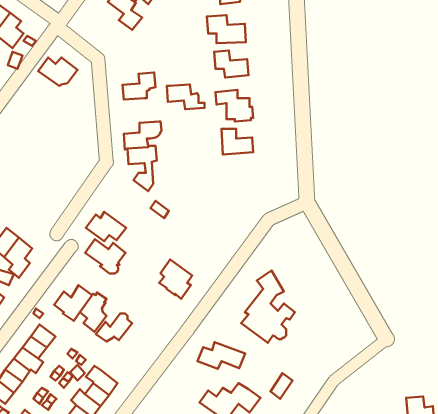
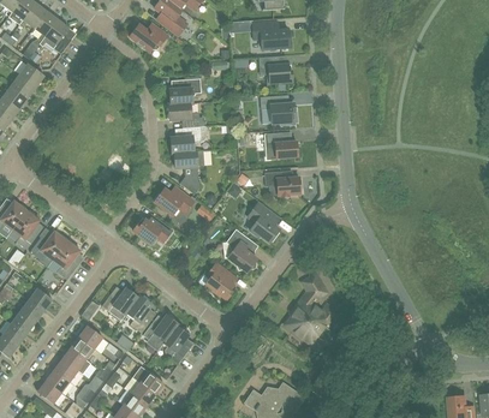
building: [38,58,77,86] -> [129,23,167,50]
building: [167,85,205,109] -> [167,102,204,126]
building: none -> [264,171,302,196]
building: none -> [248,202,279,241]
building: none -> [222,228,257,271]
building: [85,239,125,274] -> [154,187,193,221]
building: none -> [163,324,187,363]
building: [198,342,245,369] -> none

